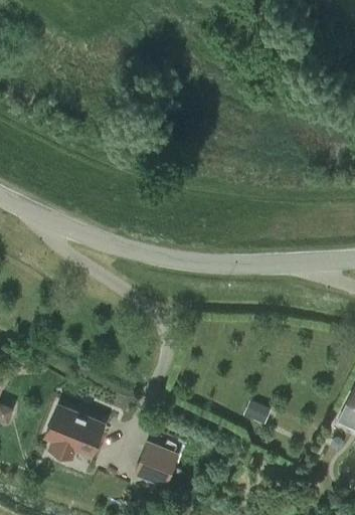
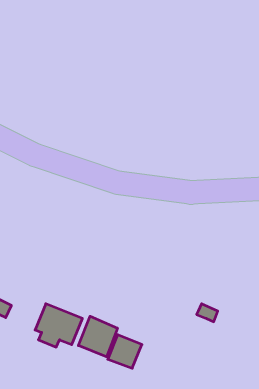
building: none -> [78,316,117,357]

